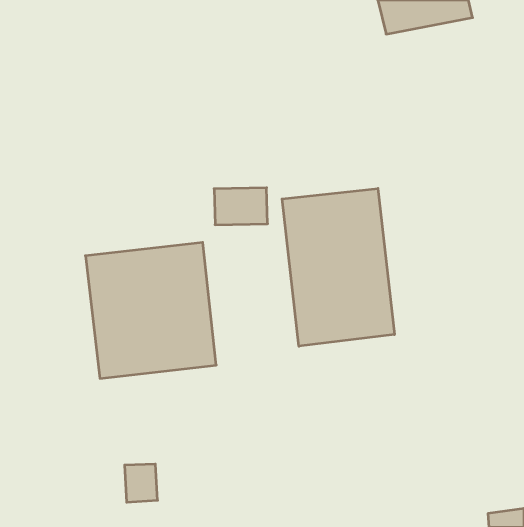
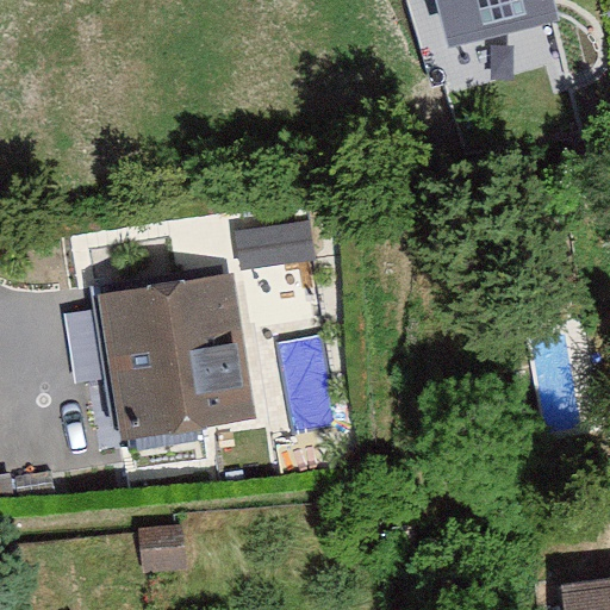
building: [282,188,394,346] -> none

